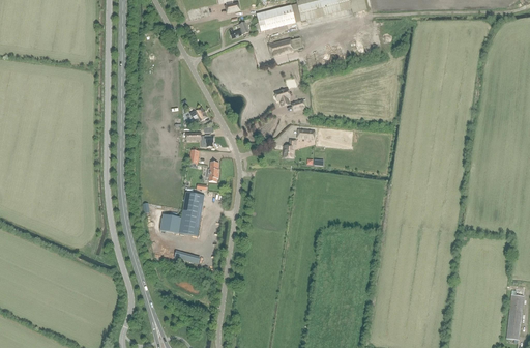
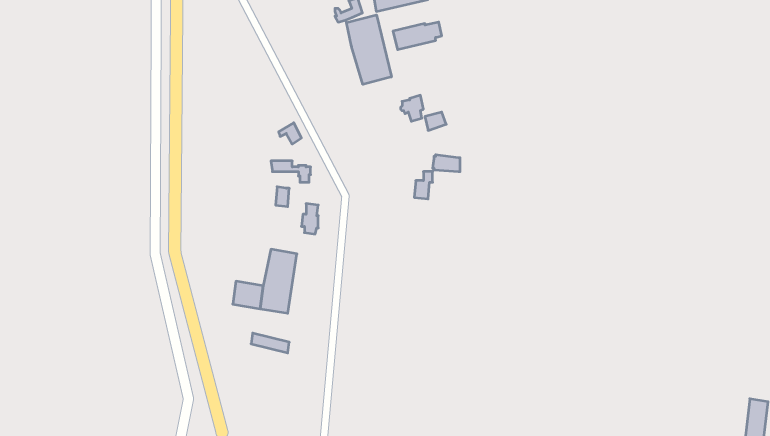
building: none -> [346,15,391,84]

